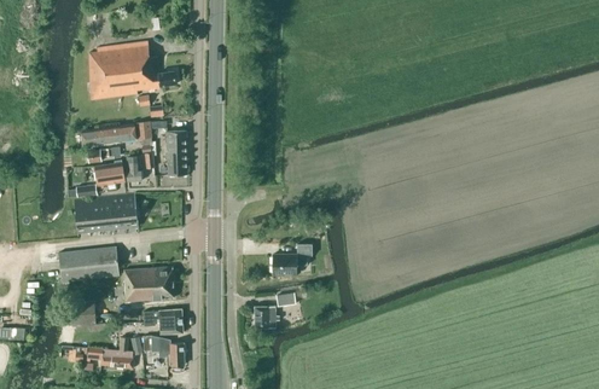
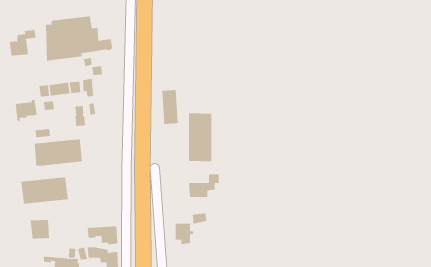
building: none -> [9,29,36,56]
building: [165,130,187,175] -> [161,90,178,125]
building: [95,159,124,188] -> [15,99,38,122]
building: none -> [189,113,212,162]
building: [124,267,174,302] -> none

